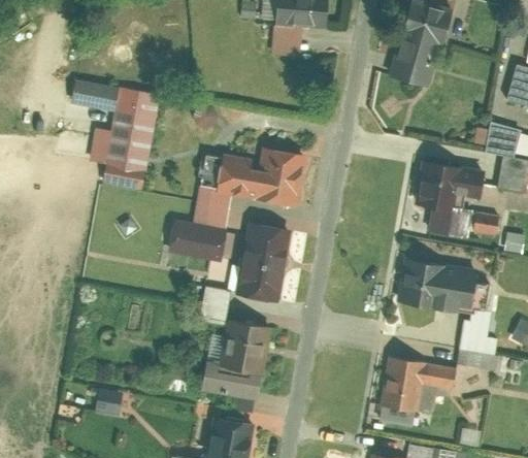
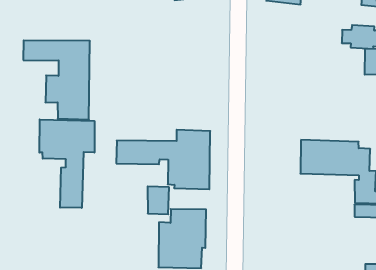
building: [193,148,307,229] -> none
building: [414,162,501,238] -> none
building: none -> [39,119,94,208]
building: [381,358,458,412] -> none

